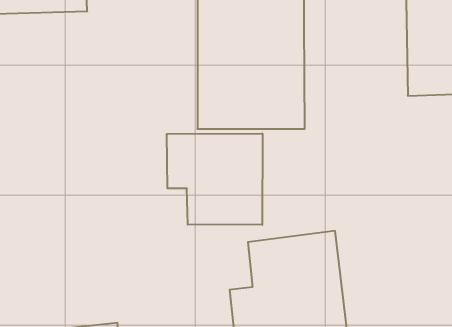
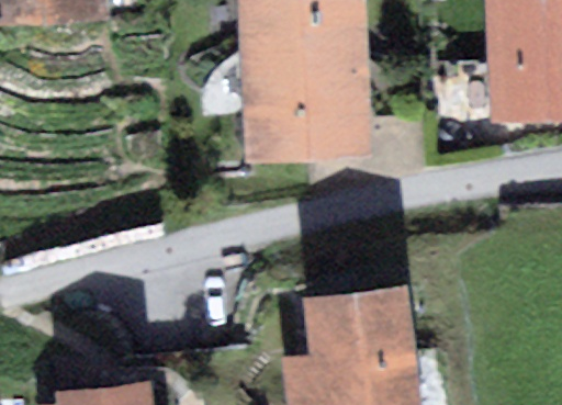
building: [167,133,262,225] -> none

